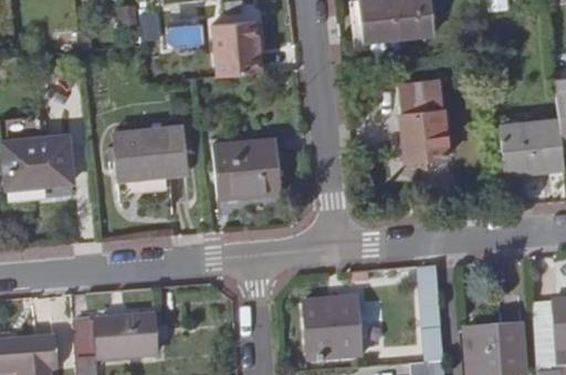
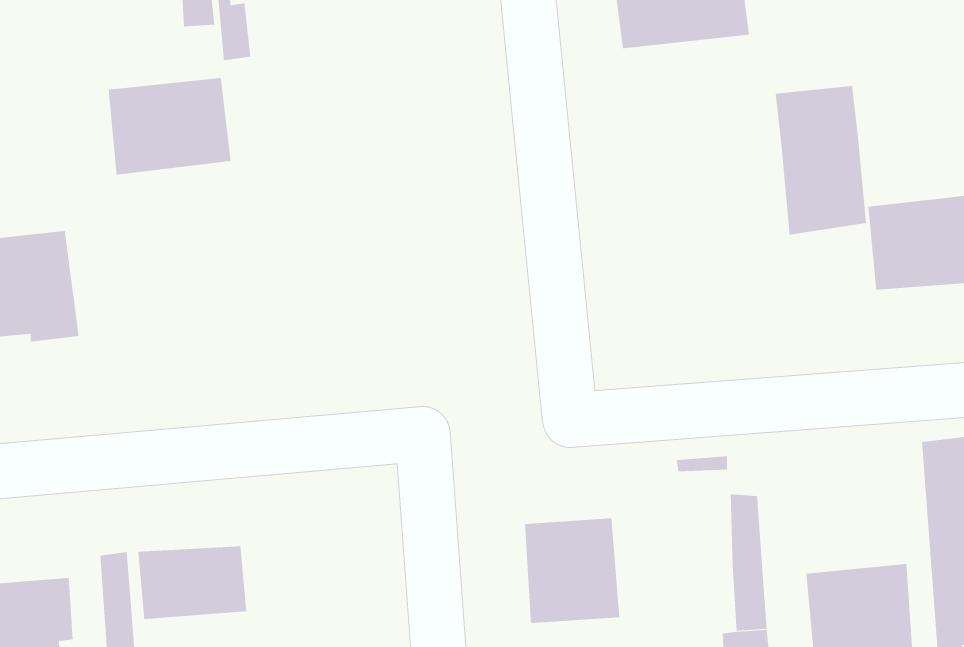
building: [211,22,261,77] -> none
building: [396,80,447,163] -> [775,85,867,235]
building: [120,126,189,180] -> [108,77,231,175]
building: [214,136,282,199] -> none

